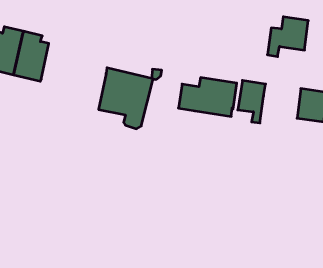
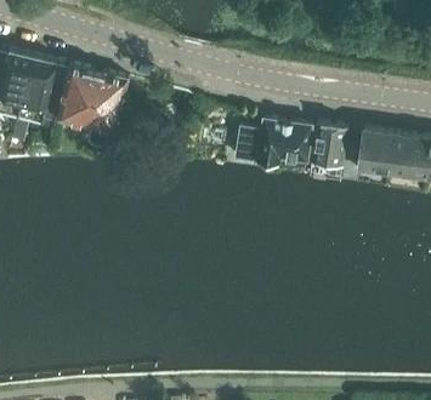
building: [267,17,308,57] -> [341,128,395,181]
building: [99,68,153,129] -> [55,67,126,147]

